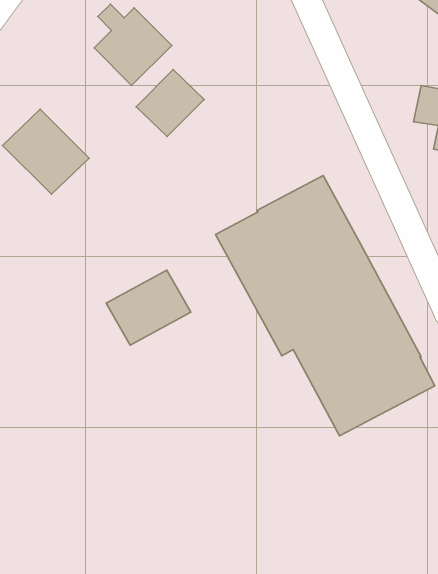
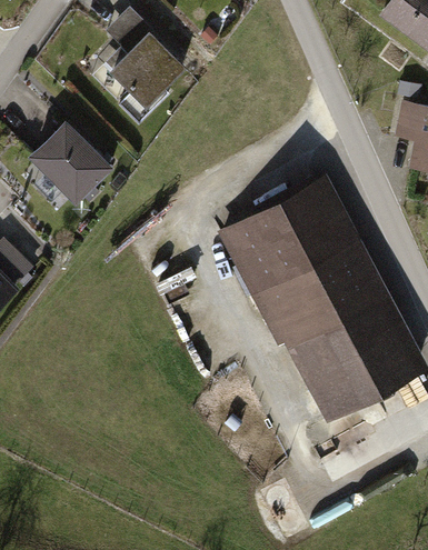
building: [136,70,204,137] -> none
building: [106,270,191,345] -> none

